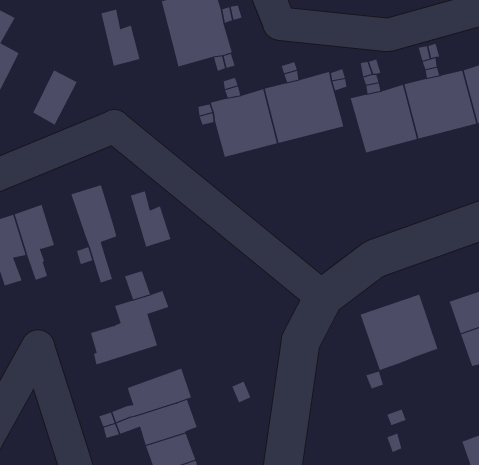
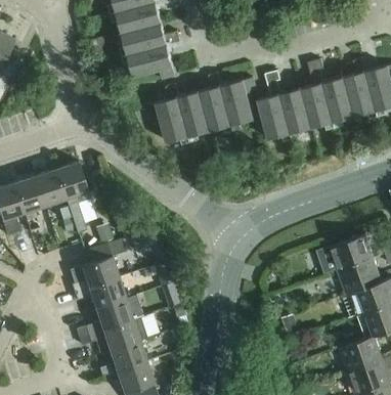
building: [101,9,140,67] -> none
building: [32,69,78,125] -> none
building: [130,190,171,247] -> none
building: none -> [35,169,66,206]
building: [360,294,438,371] -> none
building: none -> [74,278,125,309]

